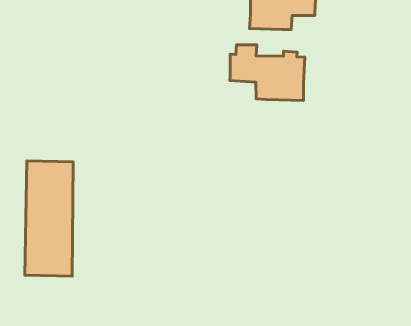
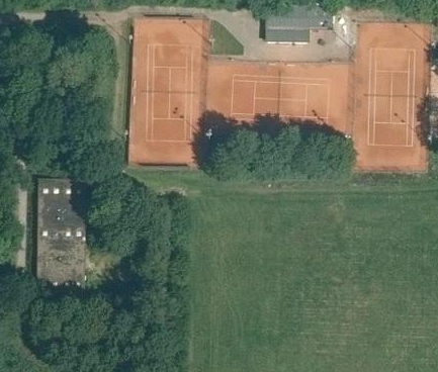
building: [230,45,305,100] -> none

